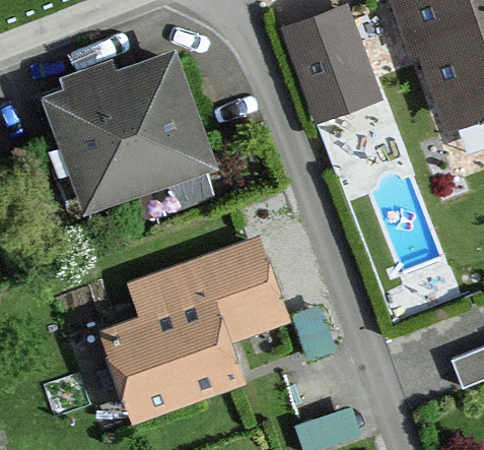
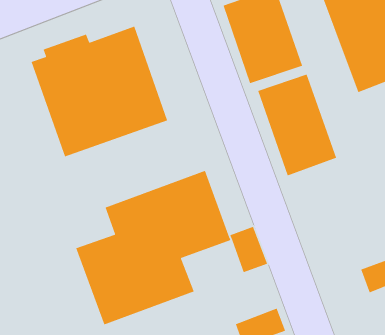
building: none -> [257,74,337,176]

